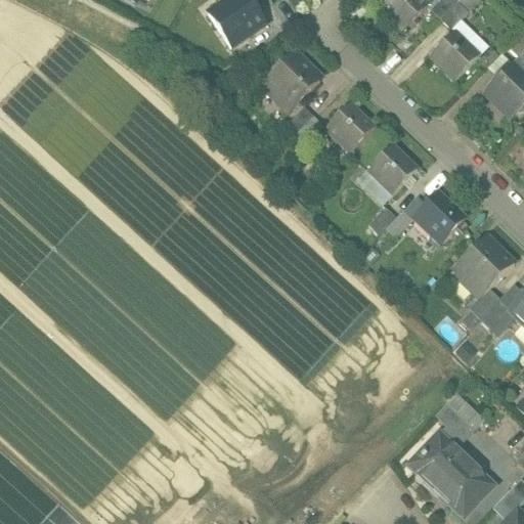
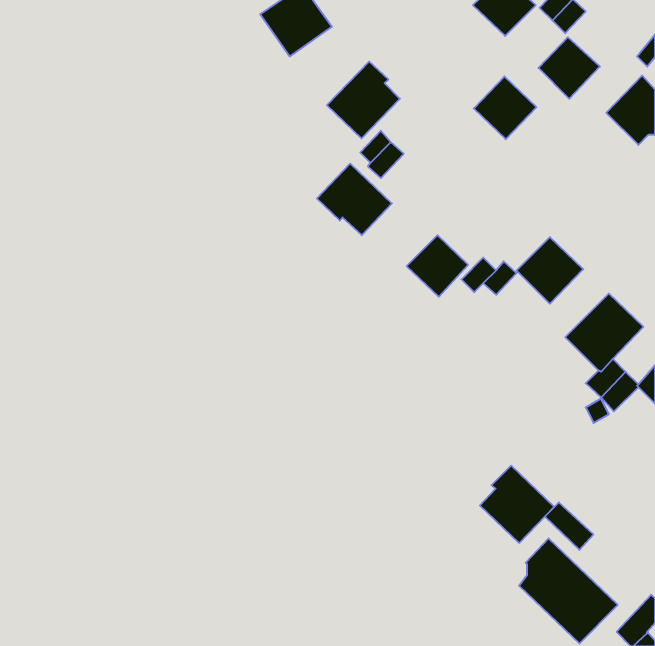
building: [324,101,375,151] -> [474,76,536,139]
building: none -> [317,164,392,235]
building: [367,143,417,192] -> [407,235,468,297]
building: none -> [480,466,554,543]

